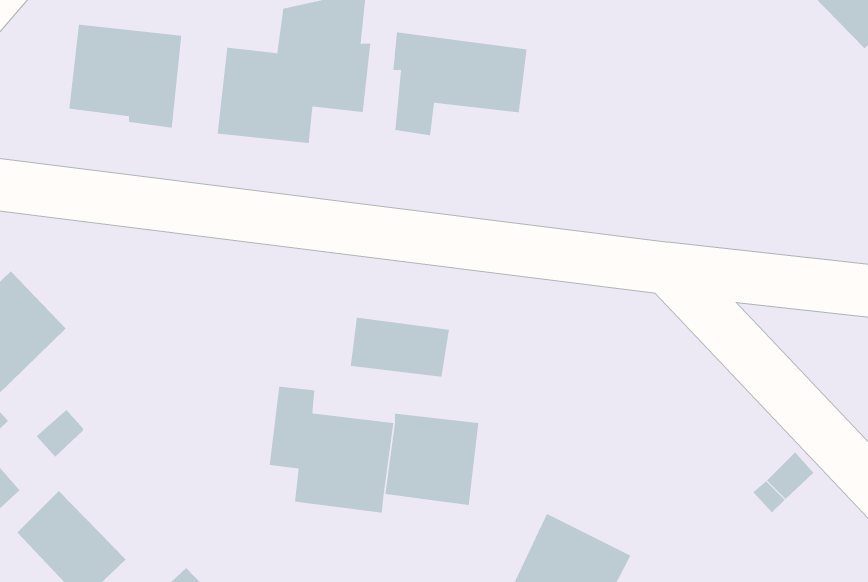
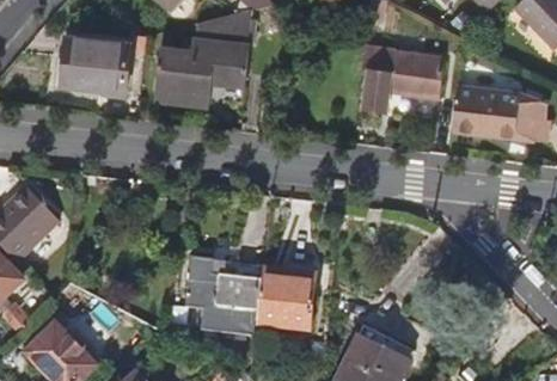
building: [392,32,527,136] -> [361,45,445,110]
building: none -> [449,85,549,141]
building: [350,317,449,378] -> none

